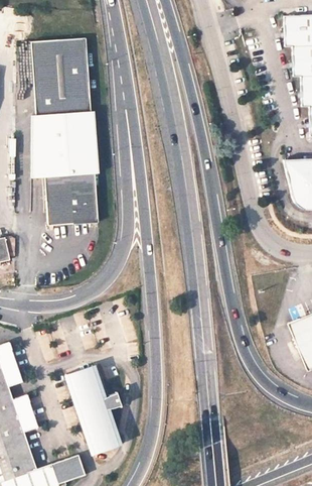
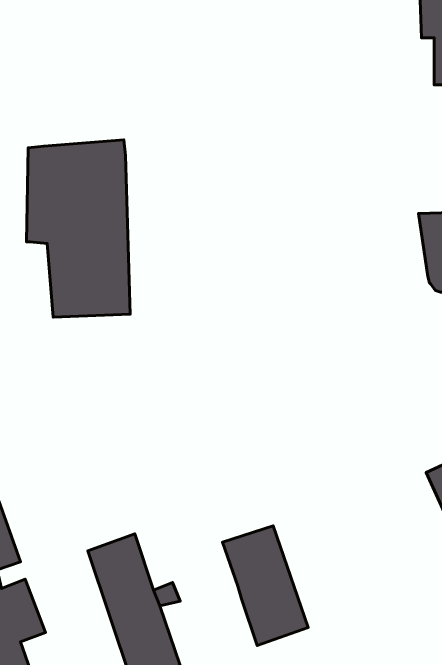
building: [34,41,93,115] -> none
building: none -> [222,526,308,646]

